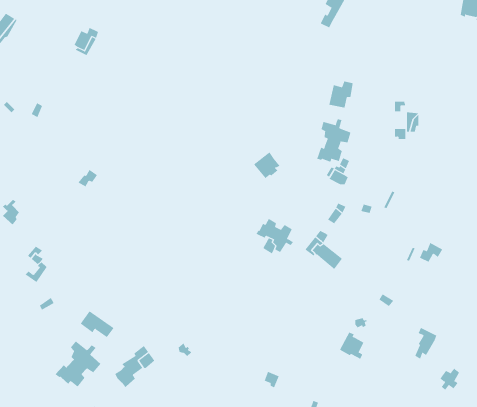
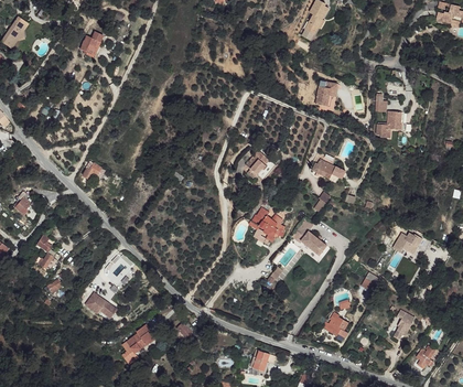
building: [317,118,351,163] -> none
building: [55,341,101,387] -> none

